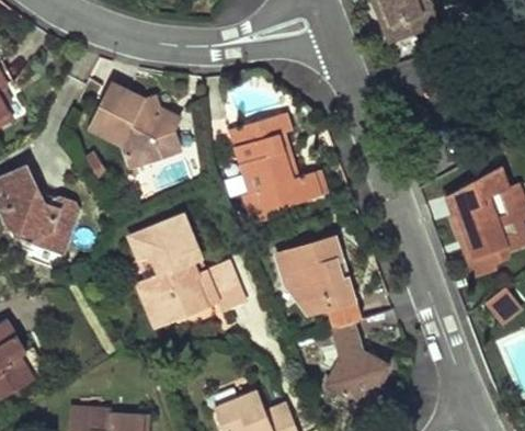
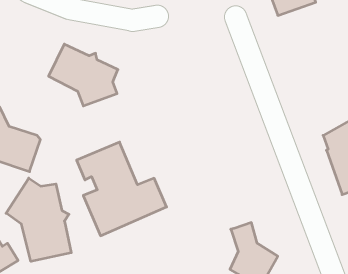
building: [230,112,327,218] -> none
building: [274,236,359,327] -> none
building: none -> [6,178,71,261]

